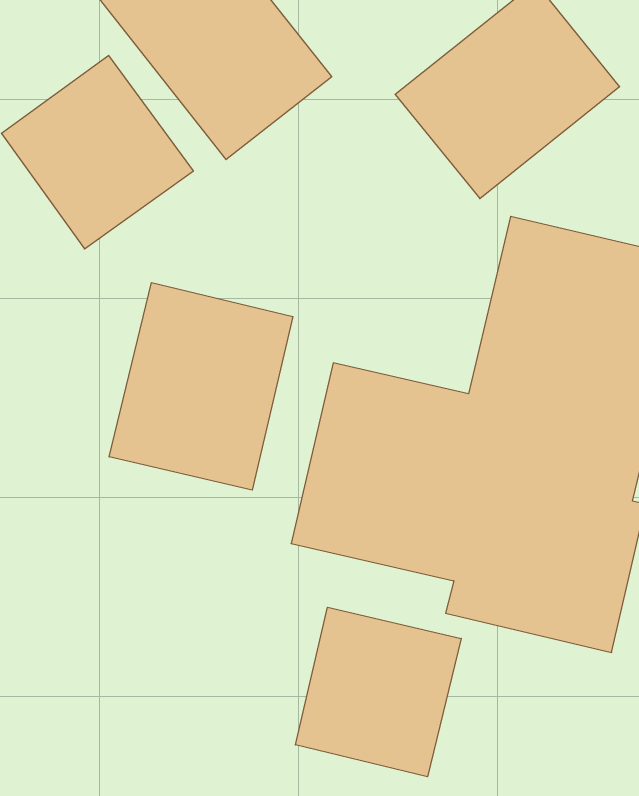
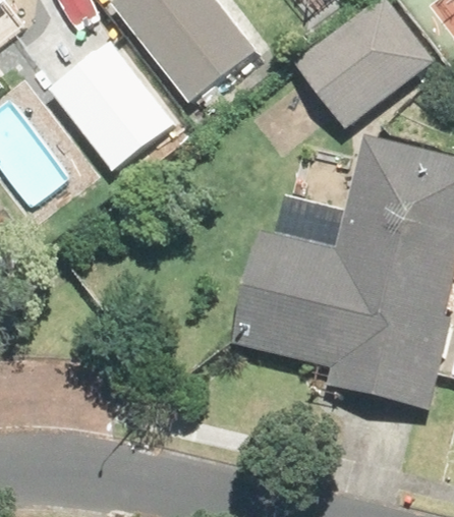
building: [109,283,293,490] -> none
building: [295,607,461,777] -> none

